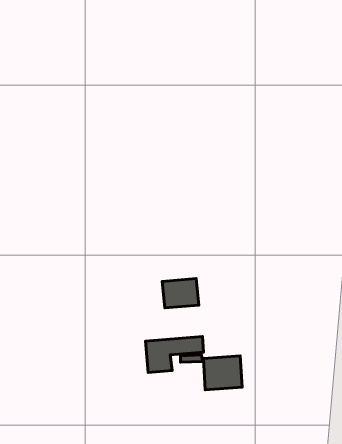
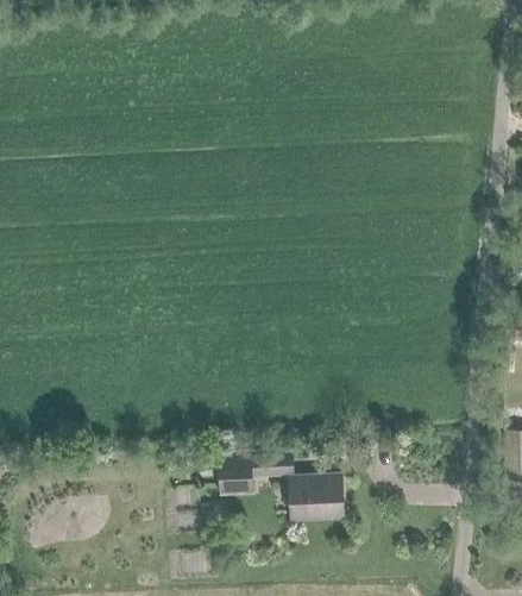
building: [162,279,199,308] -> none

